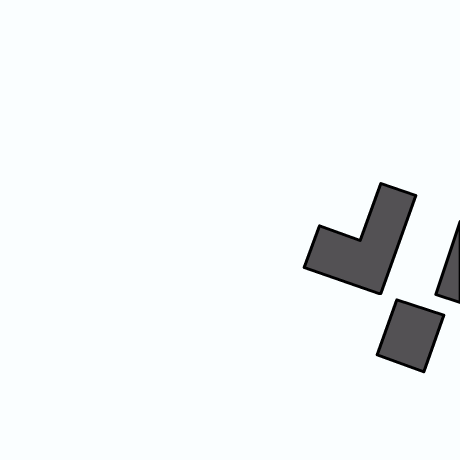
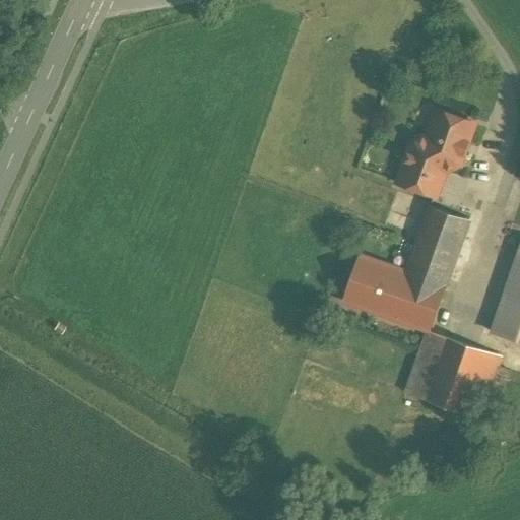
building: none -> [397,111,474,197]
building: none -> [406,331,448,400]

